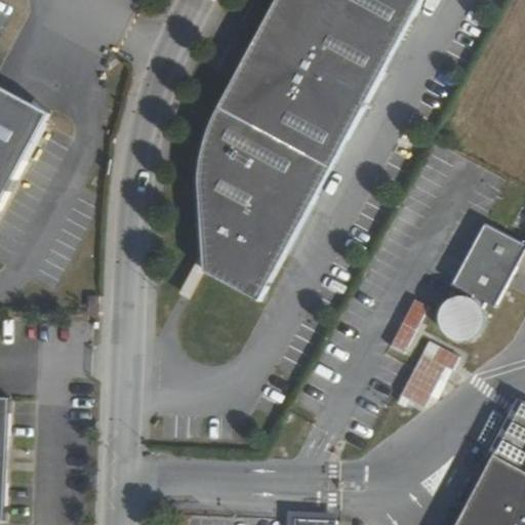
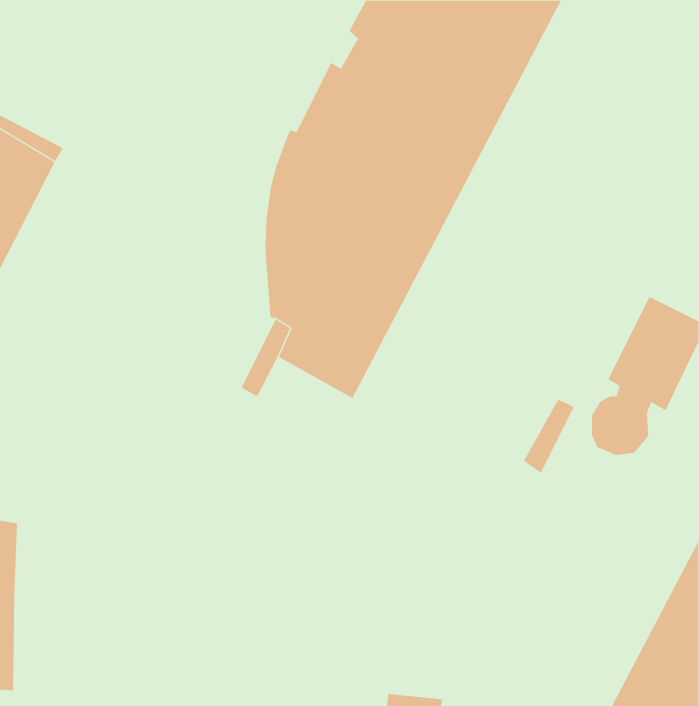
building: [401,347,459,407] -> none

